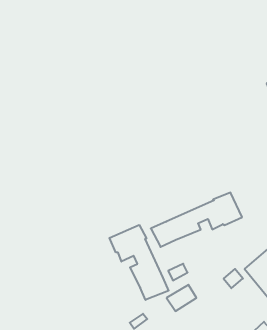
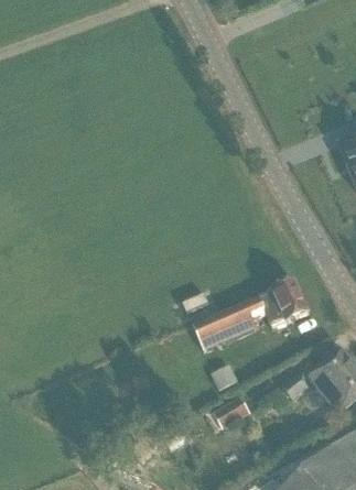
building: [109,225,169,300] -> none

